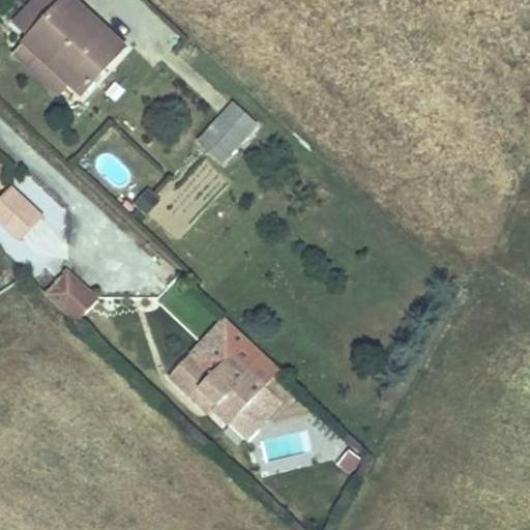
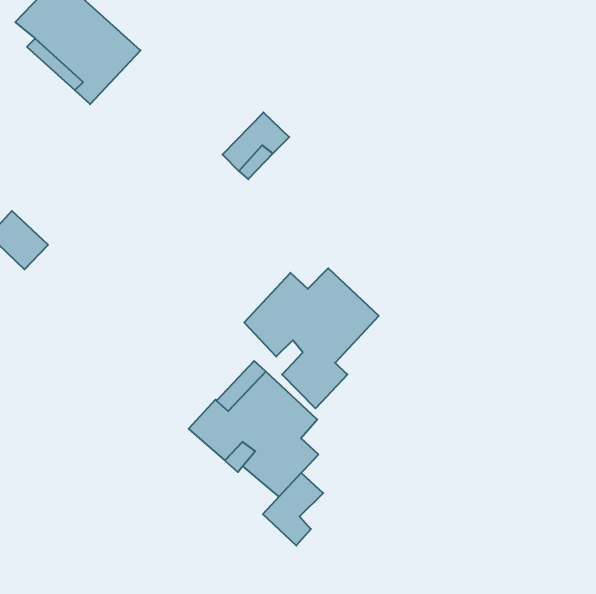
building: none -> [244,268,379,408]
building: [50,273,93,318] -> none
building: none -> [263,473,323,546]

